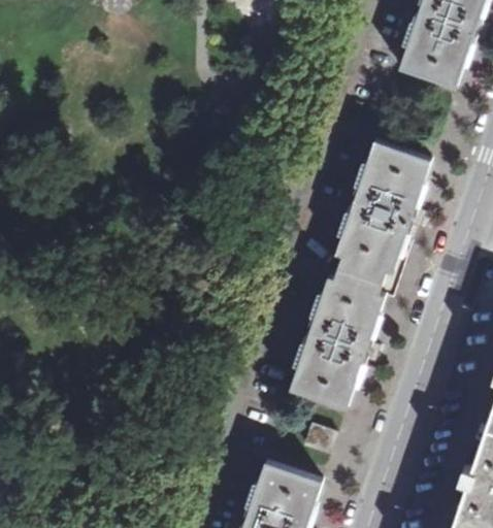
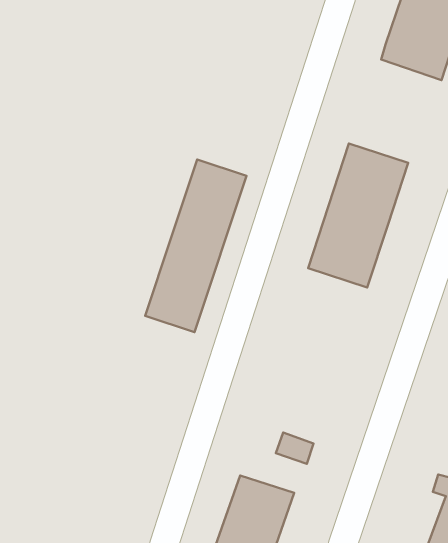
building: none -> [145,159,247,332]
building: [293,263,390,401] -> none

